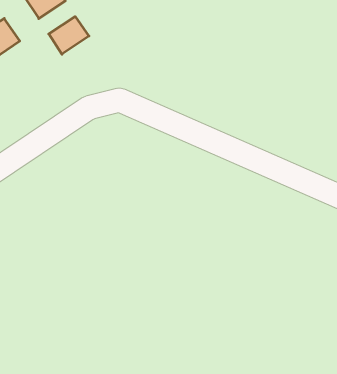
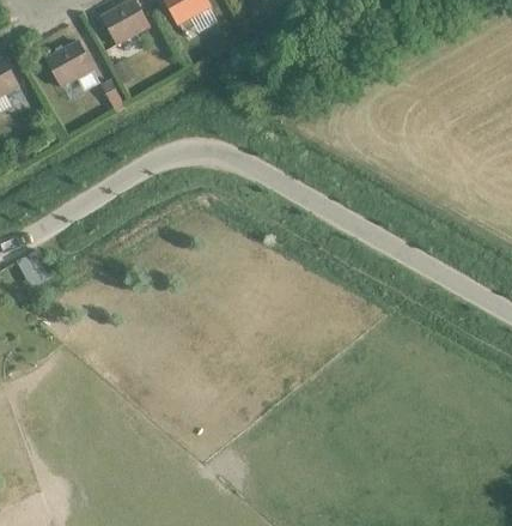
building: [49,17,89,54] -> none

